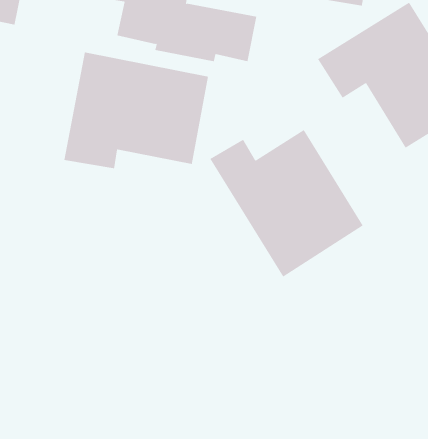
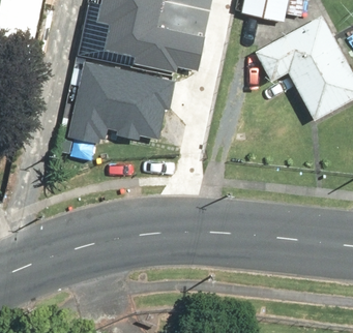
building: [209,129,363,277] -> none

